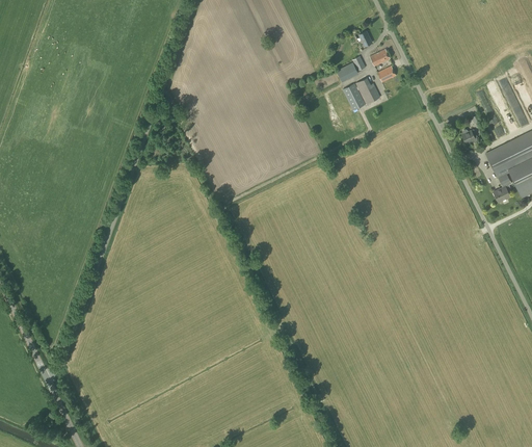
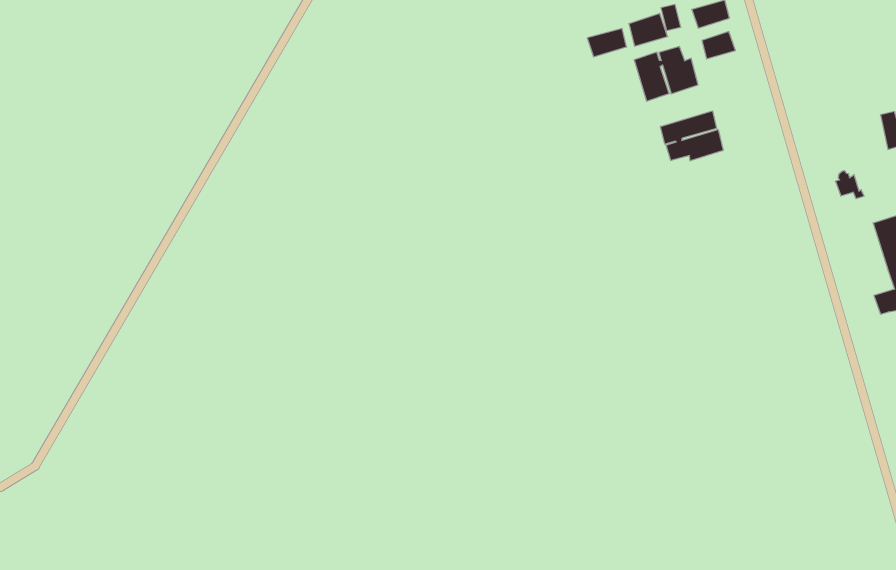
building: none -> [661,111,723,161]

